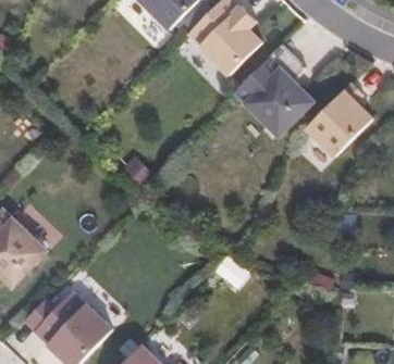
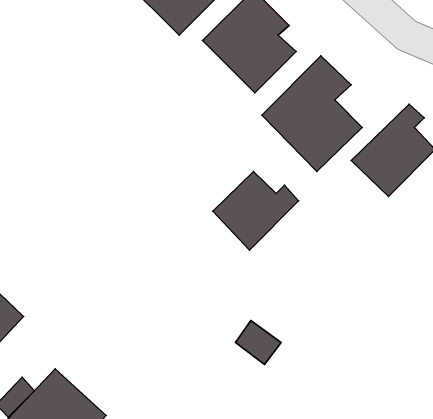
building: none -> [213,172,299,250]

